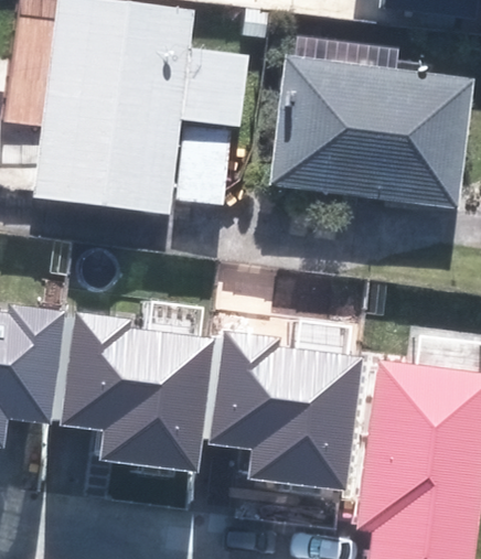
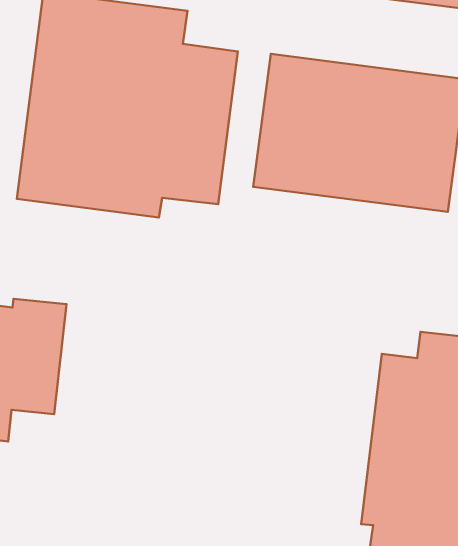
building: [64,295,218,467] -> none
building: [212,313,366,485] -> none

